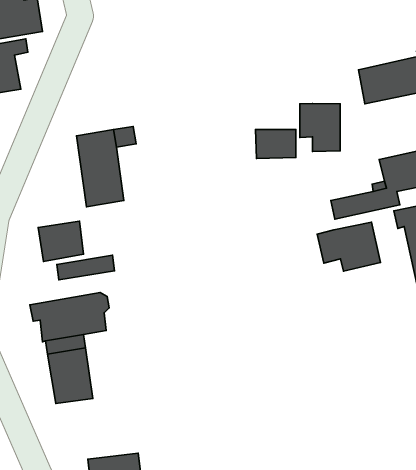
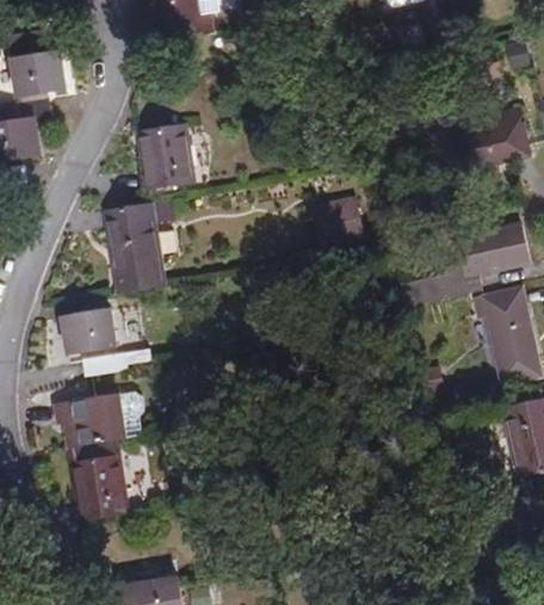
building: none -> [138,125,192,190]
building: [300,103,340,151] -> none
building: [317,222,381,271] -> none

